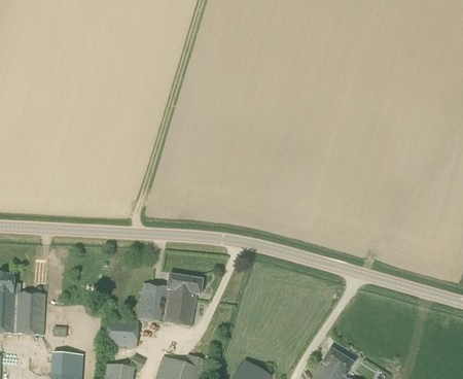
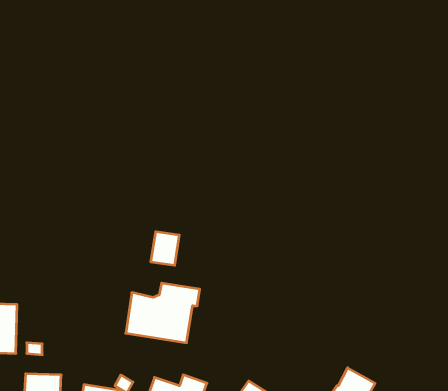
building: none -> [151,232,179,265]
building: [107,320,139,347] -> none

